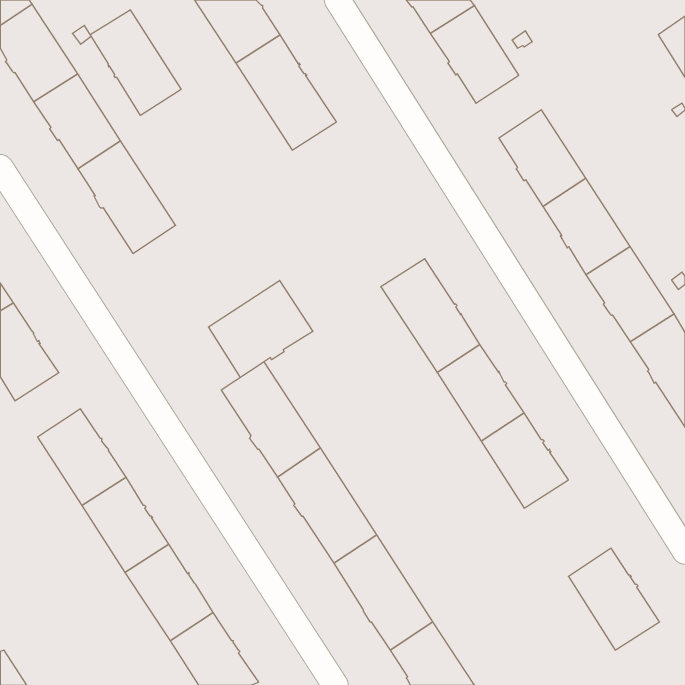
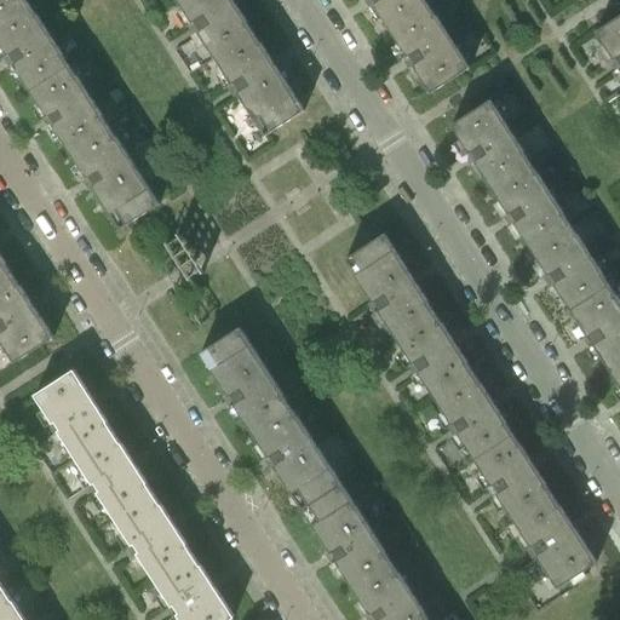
building: [90,10,181,115] -> none
building: [208,280,313,377] -> none
building: none -> [473,434,552,521]

